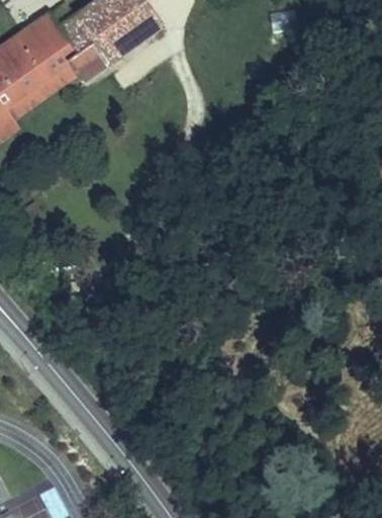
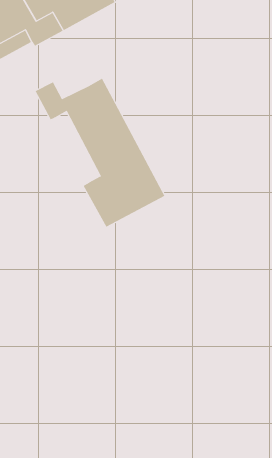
building: none -> [35,78,165,228]

